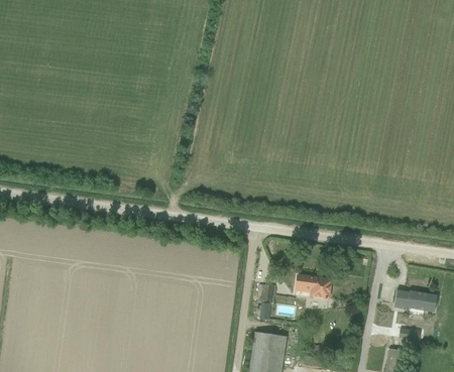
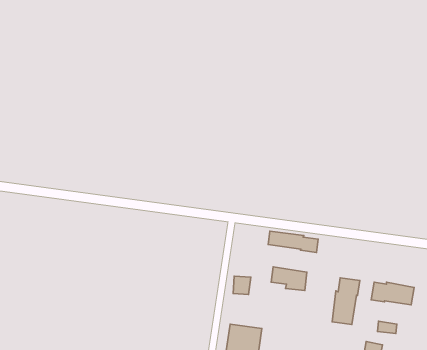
building: none -> [268,231,318,252]
building: none -> [332,278,360,325]

